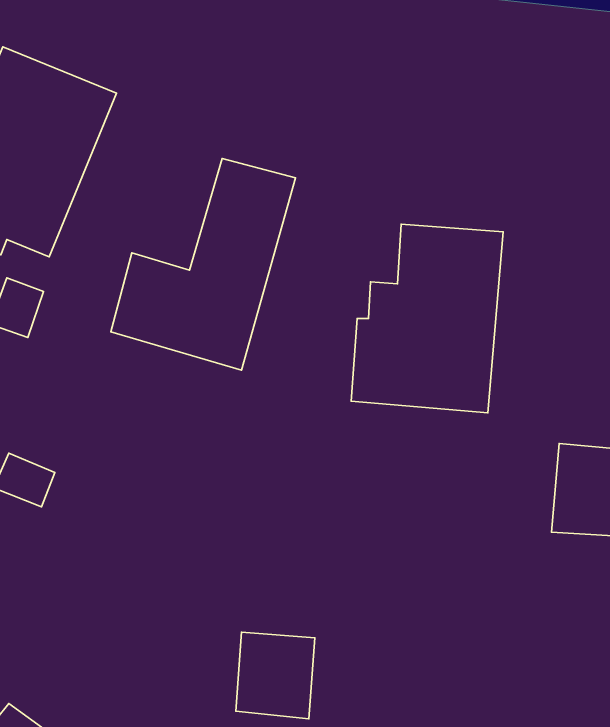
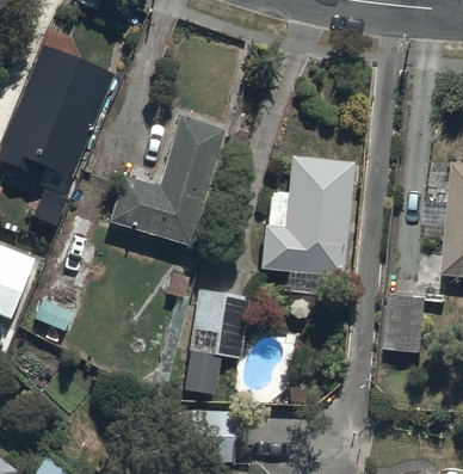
building: none -> [184,288,249,396]

